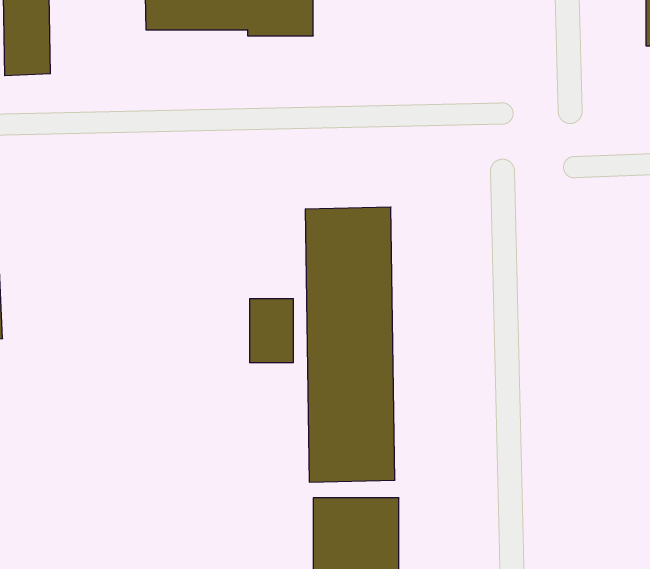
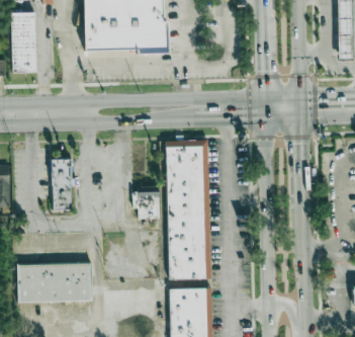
building: none -> [51,159,73,210]
building: none -> [17,263,91,303]

